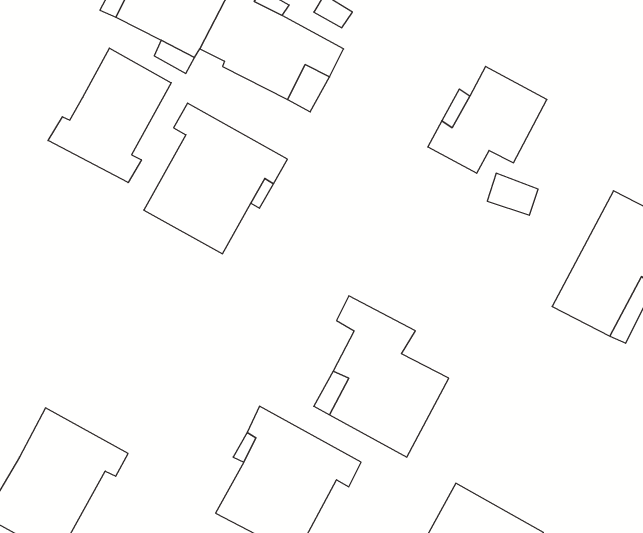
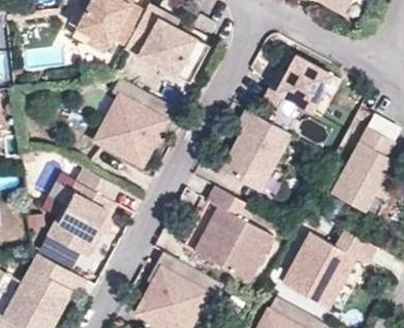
building: [48,48,171,183] -> none
building: none -> [220,110,291,192]
building: none -> [46,166,118,255]
building: none -> [284,231,377,310]

